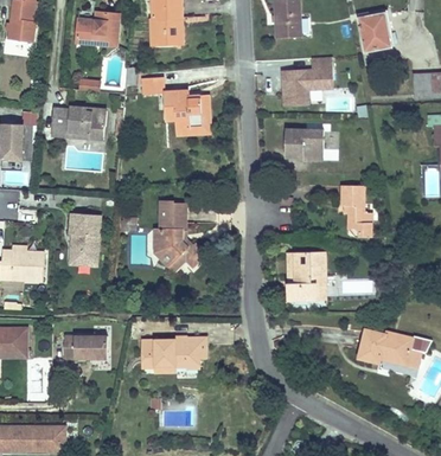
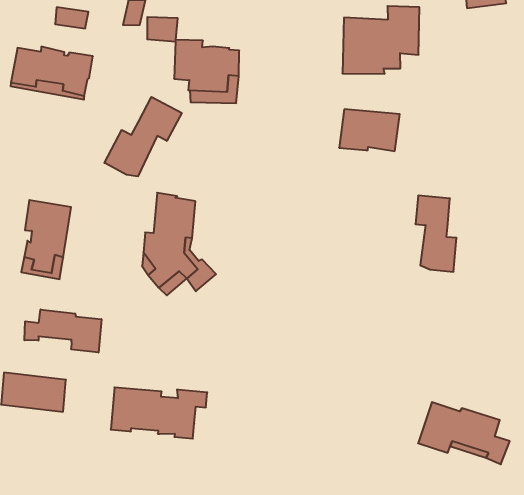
building: none -> [104,97,182,176]
building: [287,252,325,298] -> none
building: none -> [24,309,101,353]

